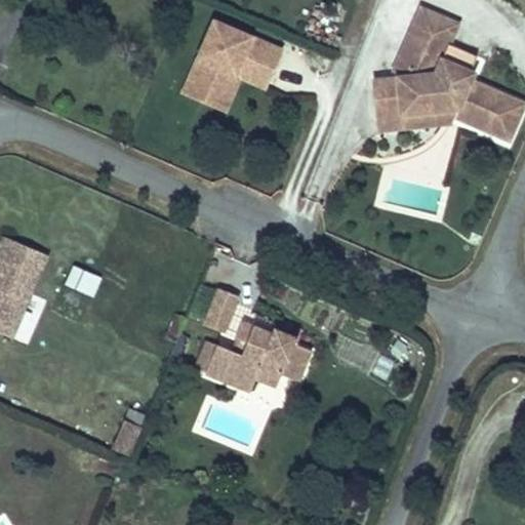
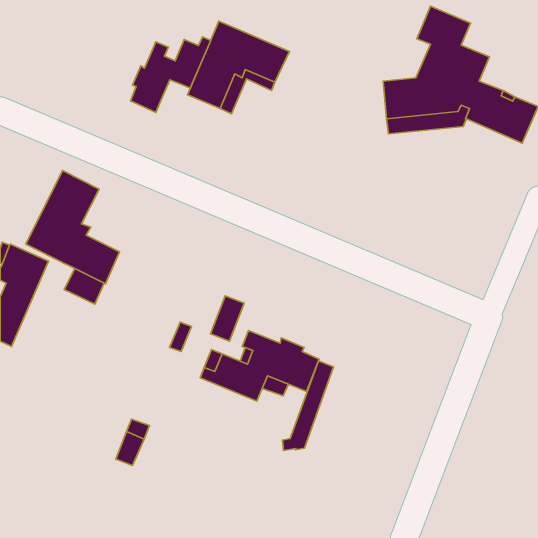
building: none -> [130,37,211,112]
building: none -> [26,171,119,284]
building: none -> [282,361,334,451]

